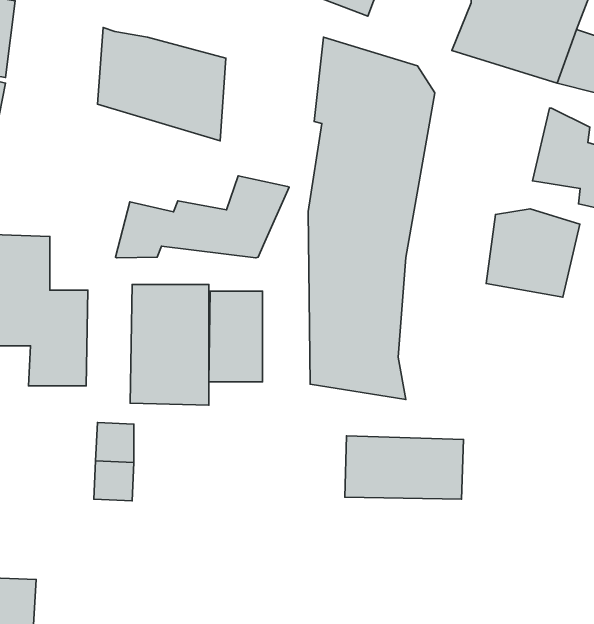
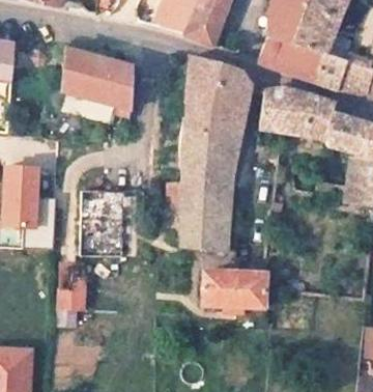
building: [115,176,289,258] -> none
building: [486,209,580,297] -> [259,87,310,135]
building: [209,291,263,382] -> none

